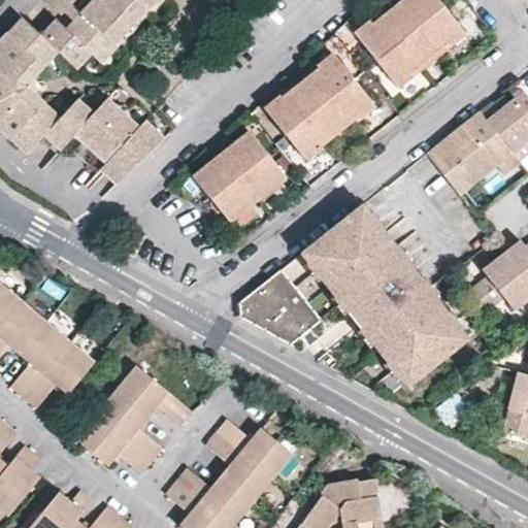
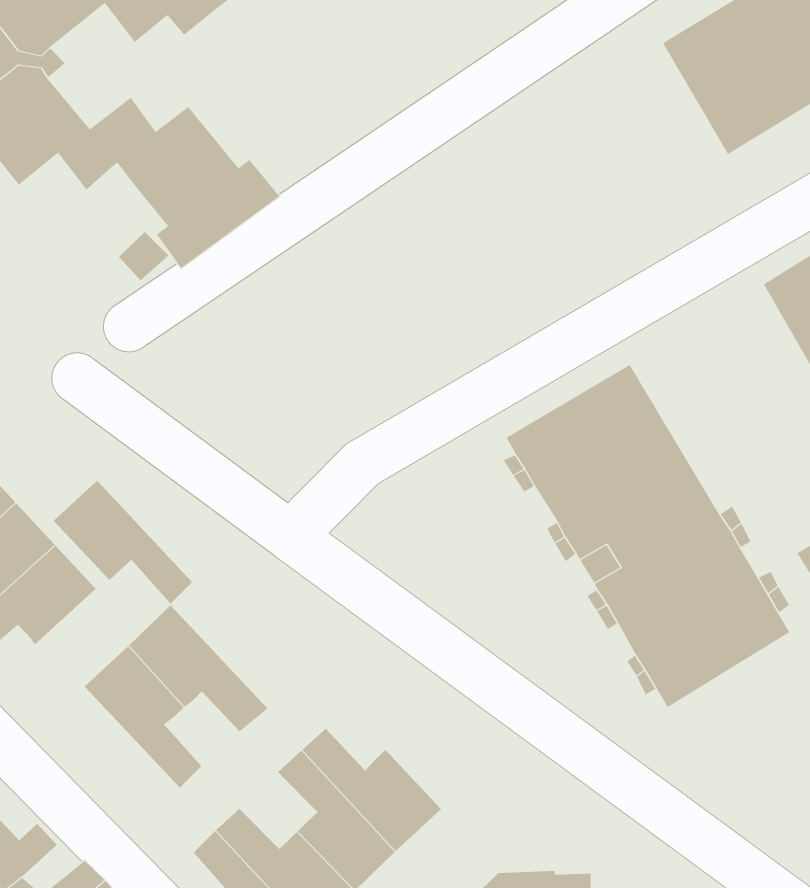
building: [265,53,377,159] -> none
building: [194,130,288,222] -> none
building: [237,269,321,344] -> none
building: [74,414,153,474] -> [53,480,193,604]

